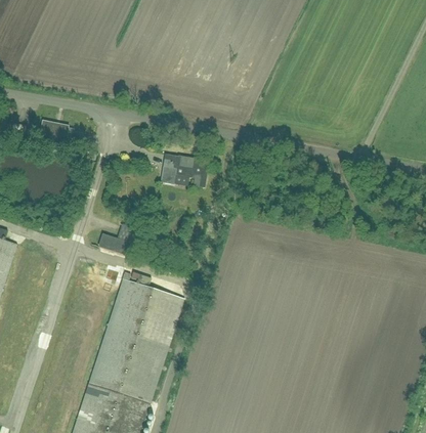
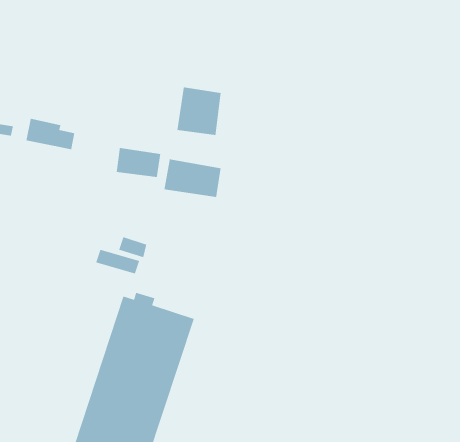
building: none -> [176,87,221,136]
building: none -> [116,147,161,178]

